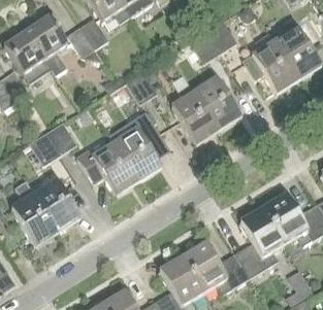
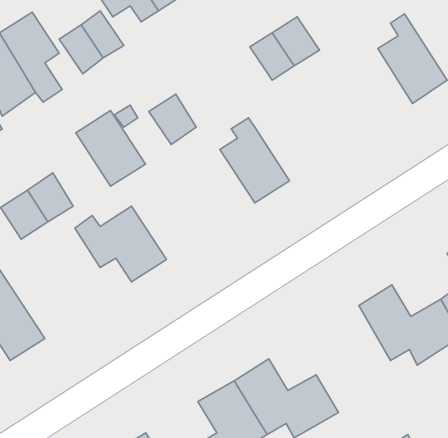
building: [245,31,298,90] -> none
building: [195,76,240,126] -> none
building: [115,128,160,177] -> [76,111,145,186]
building: [34,178,79,229] -> none
building: [235,207,284,277] -> none

